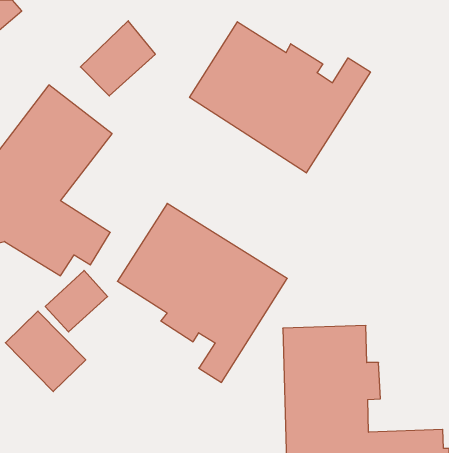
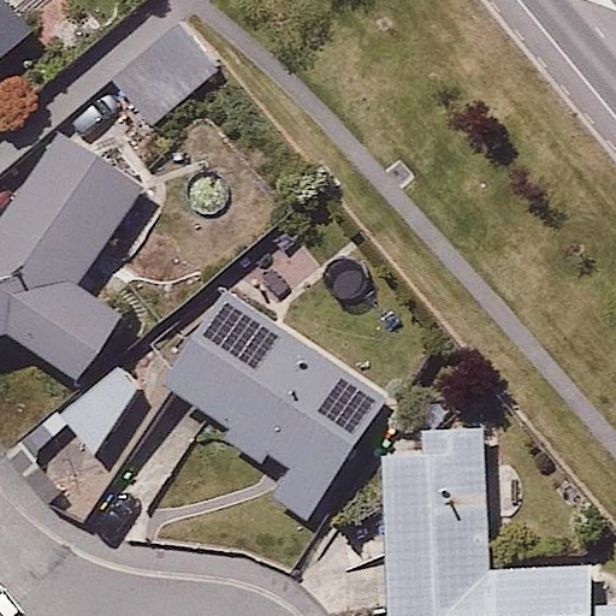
building: [190,22,370,173] -> none

